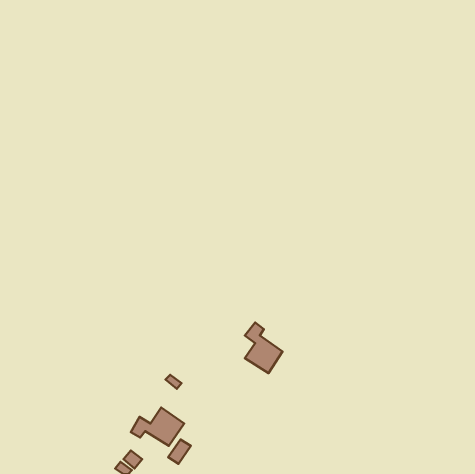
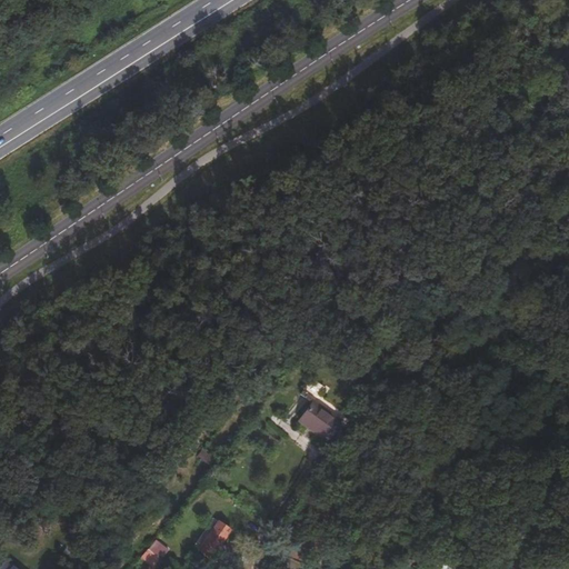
building: [131,407,184,446] -> none

